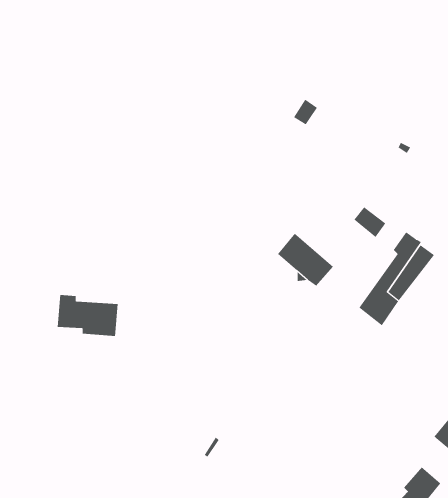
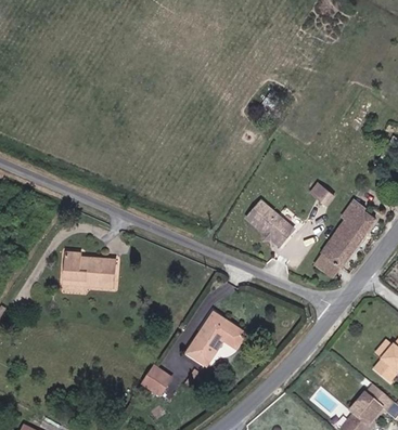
building: none -> [188,312,245,364]
building: none -> [141,364,171,393]

